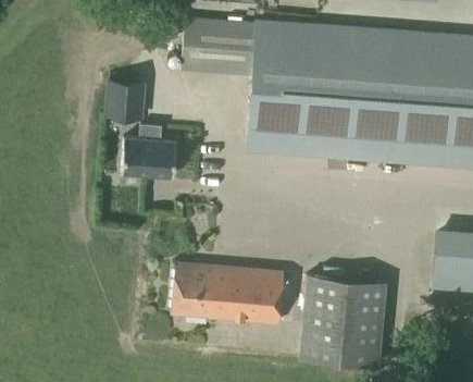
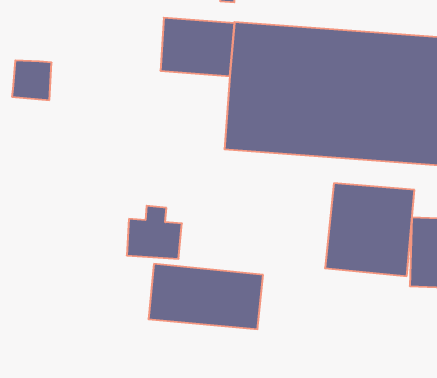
building: [105,82,145,121] -> [12,60,52,100]
building: [122,126,176,178] -> [127,206,182,259]
building: [299,276,387,368] -> [325,183,414,276]

